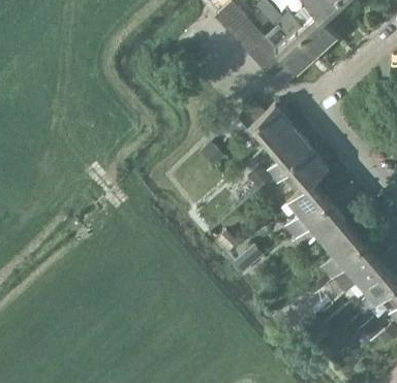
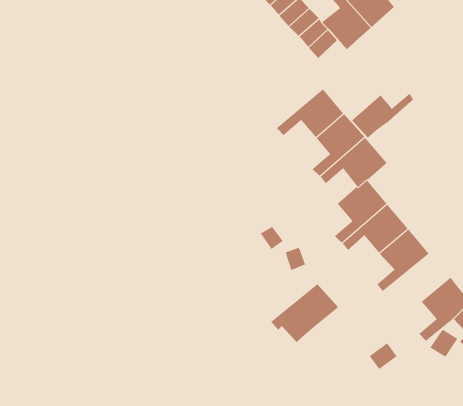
building: none -> [351,93,414,139]
building: [327,243,384,292] -> [271,284,339,343]

